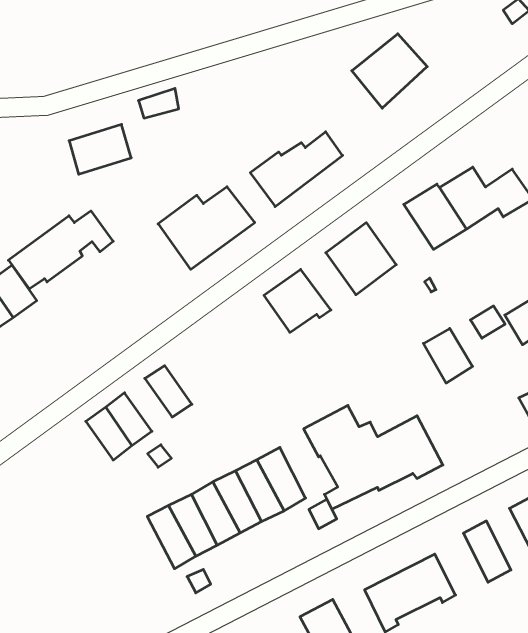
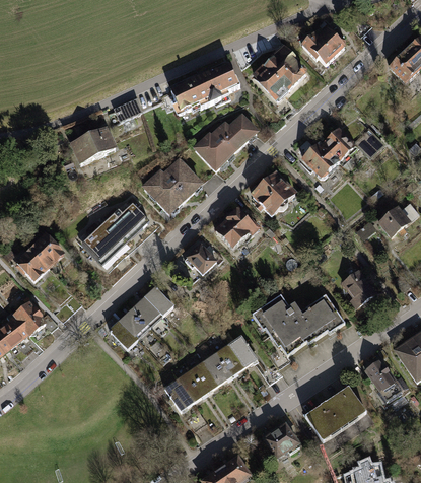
building: none -> [302,25,342,61]
building: none -> [166,62,241,114]
building: [8,211,113,289] -> [82,202,150,259]
building: none -> [180,238,219,274]
building: [423,328,473,383] -> [340,273,374,309]
building: none -> [130,293,163,328]

